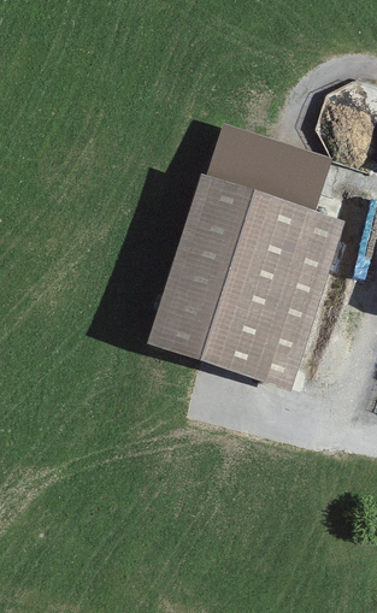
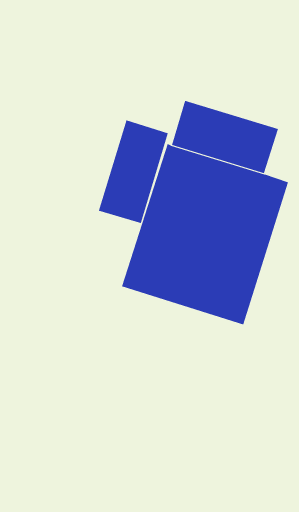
building: none -> [98,120,169,224]

